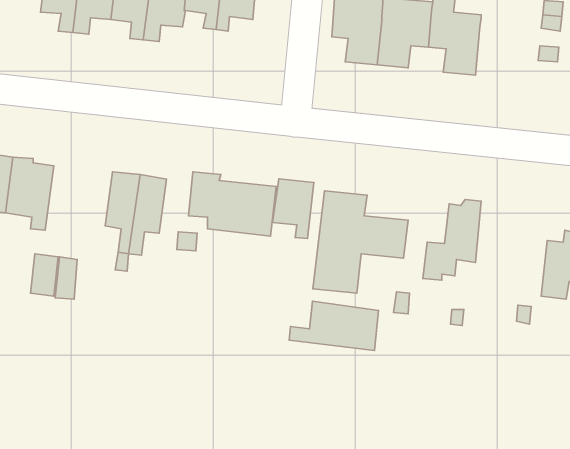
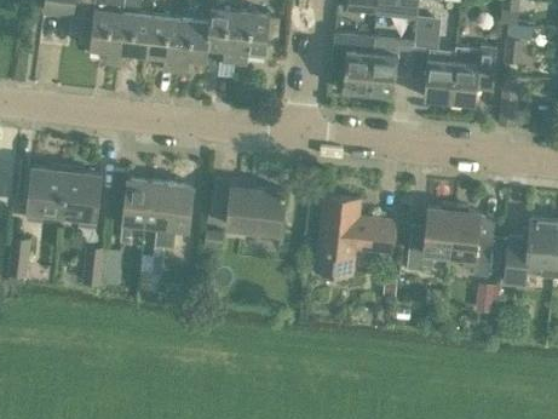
building: none -> [450,46,497,103]
building: none -> [120,177,150,243]
building: [273,179,314,239] -> none
building: none -> [450,205,493,276]
building: [289,301,378,350] -> none

